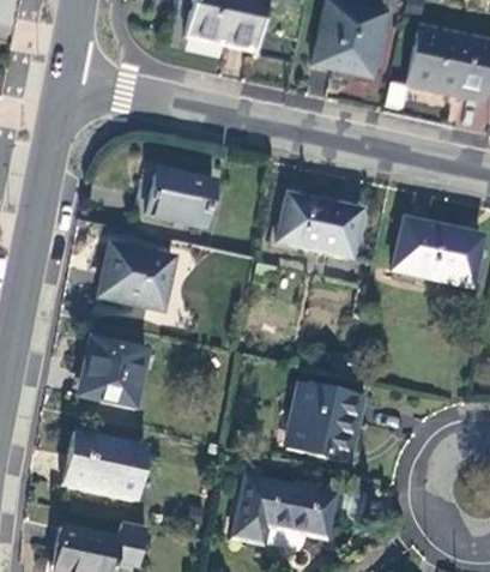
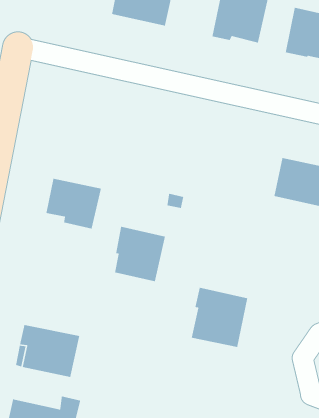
building: [146,174,214,227] -> none
building: [277,192,361,258] -> none
building: [81,336,147,408] -> [114,226,166,282]
building: [232,475,334,544] -> none

